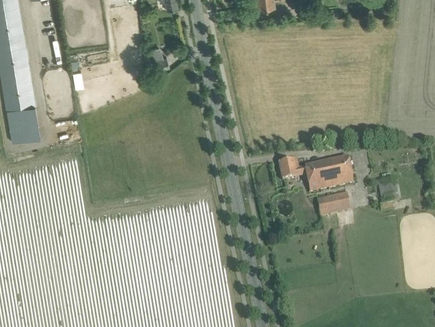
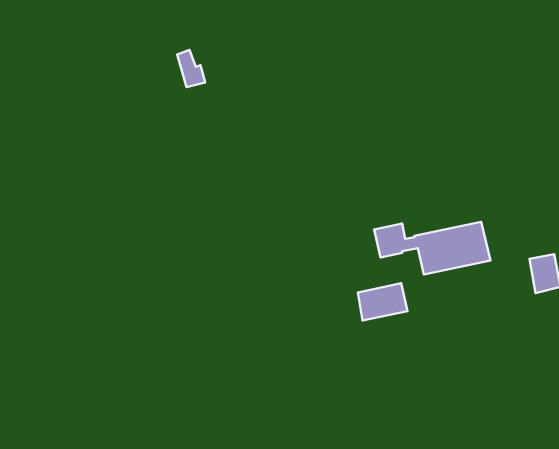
building: [318,192,350,216] -> [358,283,407,320]

